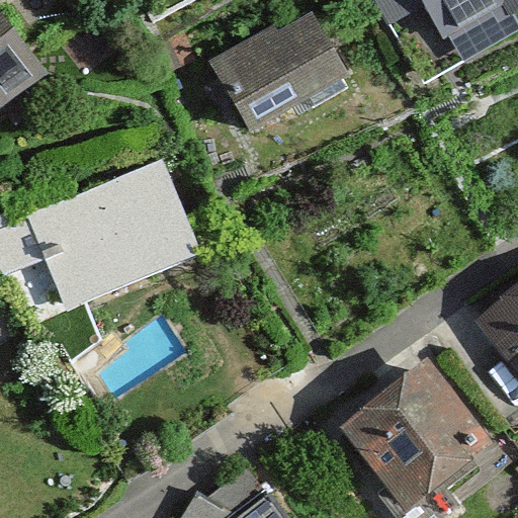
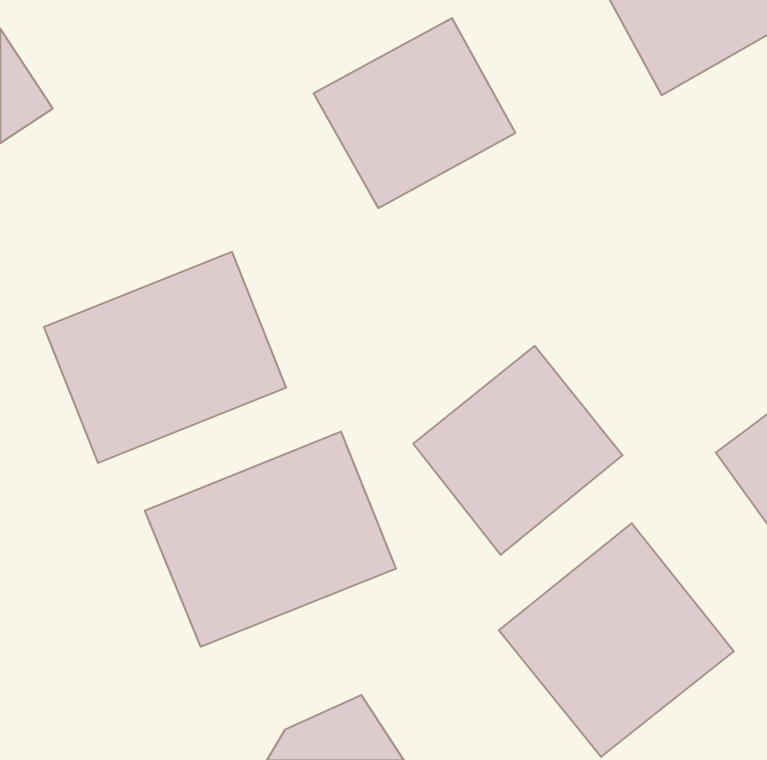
building: none -> [413,346,623,555]
building: none -> [145,431,396,647]

